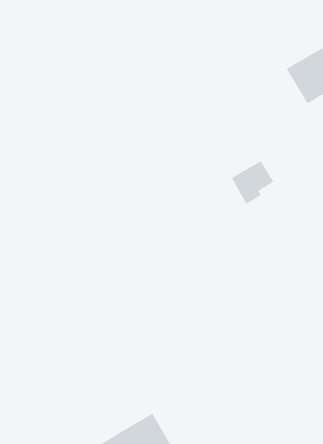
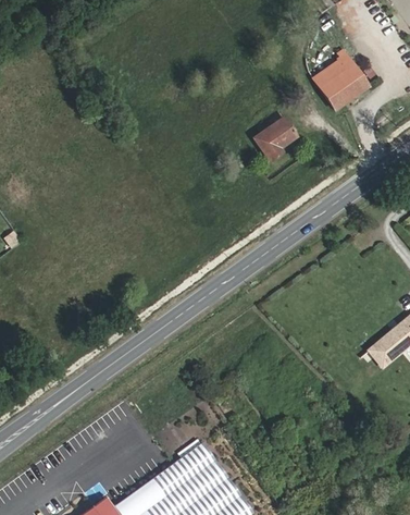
building: [231,160,274,204] -> [252,115,297,162]

